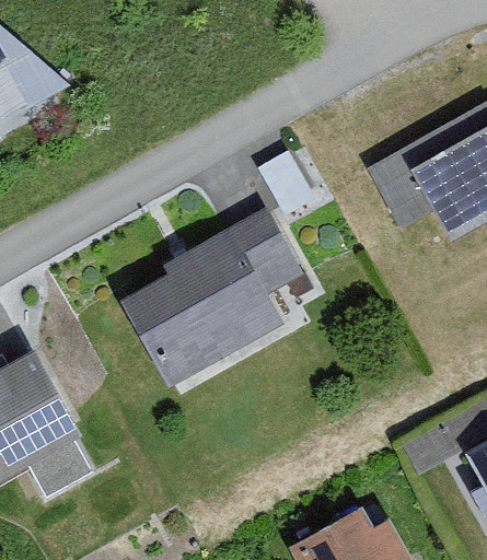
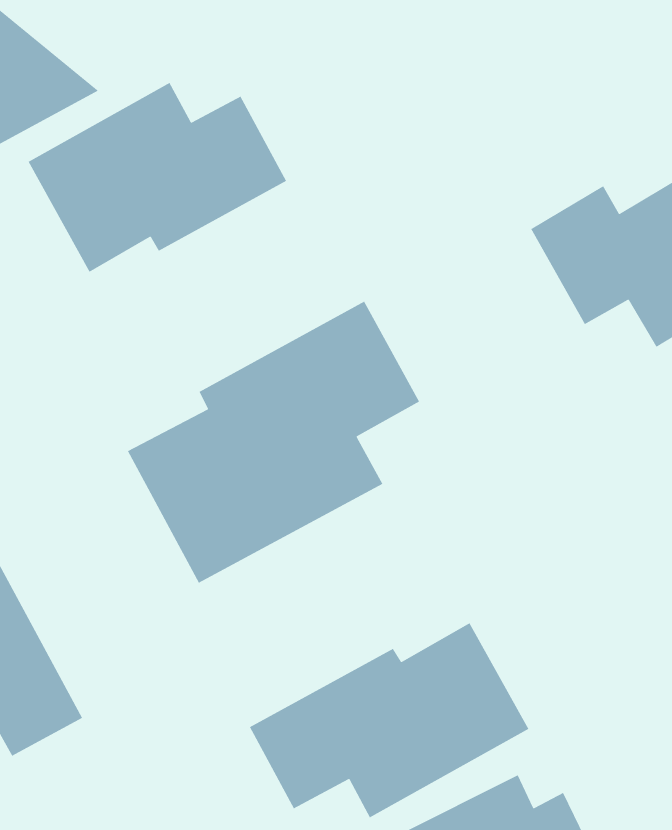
building: none -> [27,82,287,273]
building: none -> [249,622,529,818]

